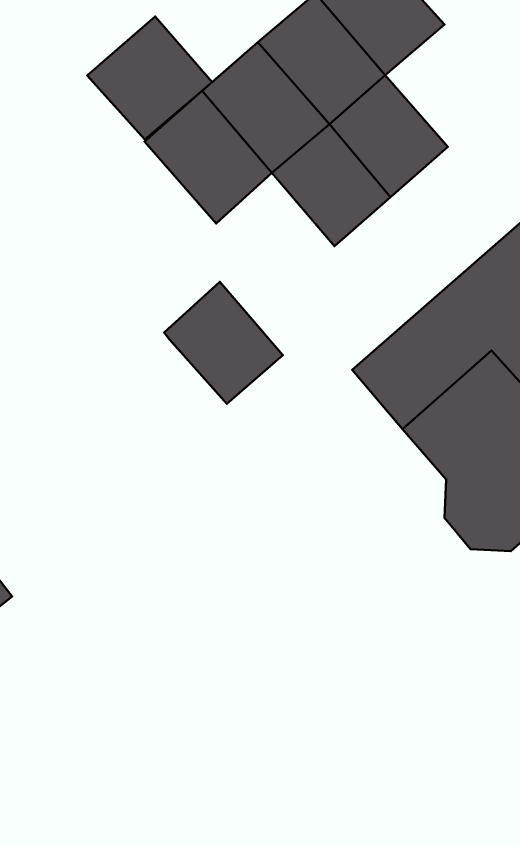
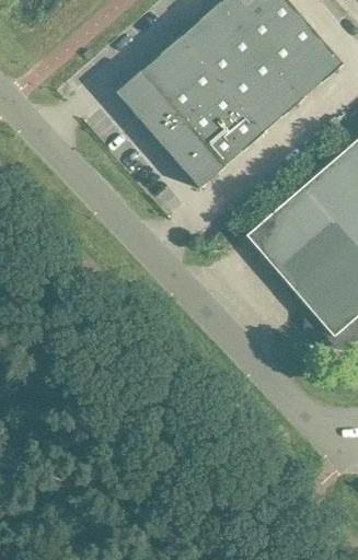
building: [87,17,212,139] -> none
building: none -> [267,18,344,94]
building: [164,282,283,404] -> [161,110,235,187]

